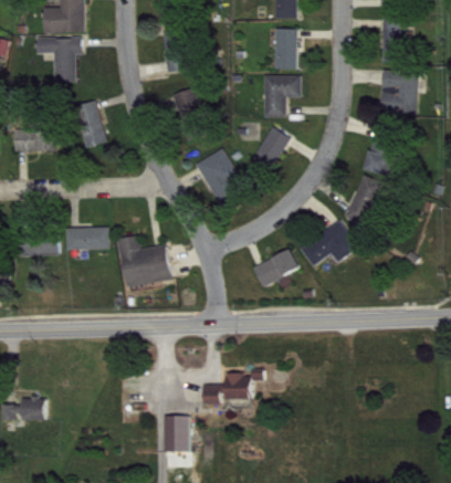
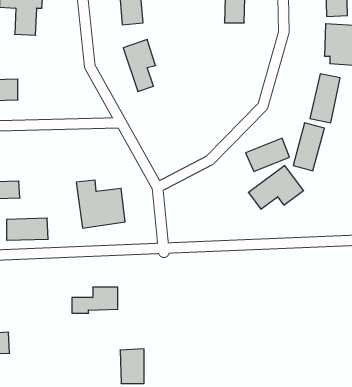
building: [263,76,300,117] -> none
building: [73,101,106,149] -> none
building: [253,127,289,170] -> none
building: [195,149,239,207] -> none
building: [64,228,108,251] -> [7,218,48,240]
building: [252,251,298,286] -> [246,138,289,172]
building: [202,375,251,402] -> [72,287,118,313]

